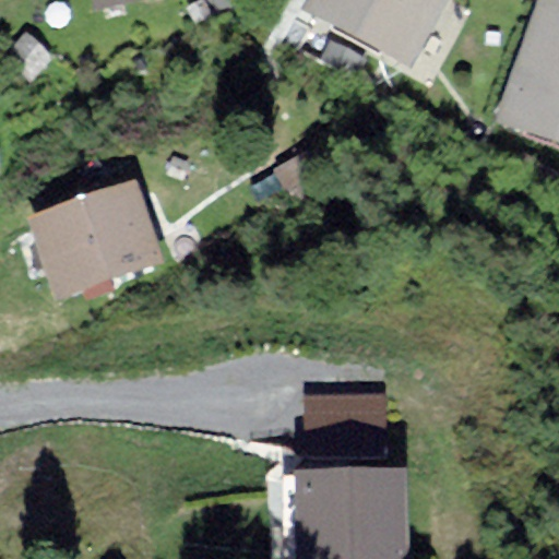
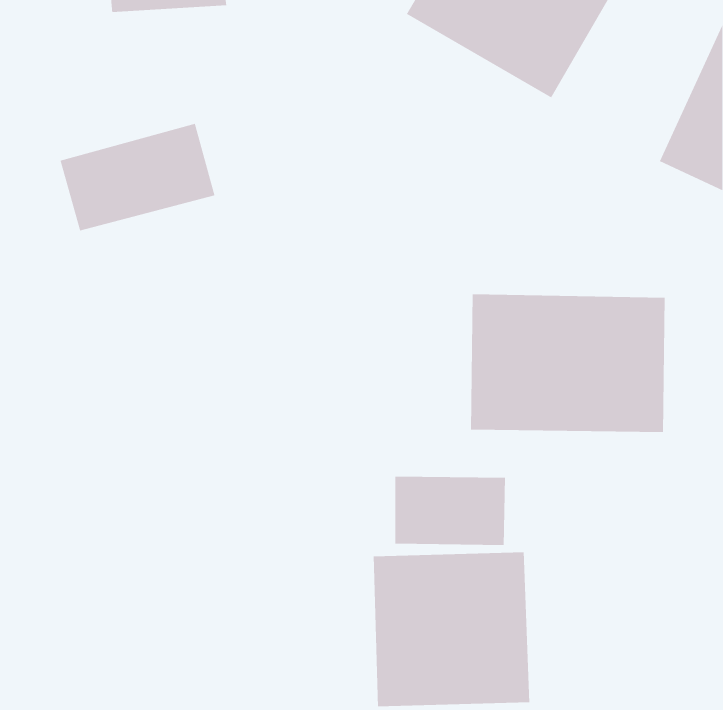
building: [43,199,162,282] -> [60,123,215,231]
building: none -> [470,294,666,433]

